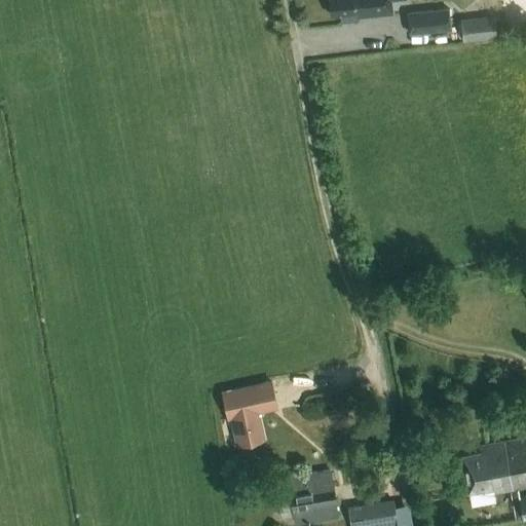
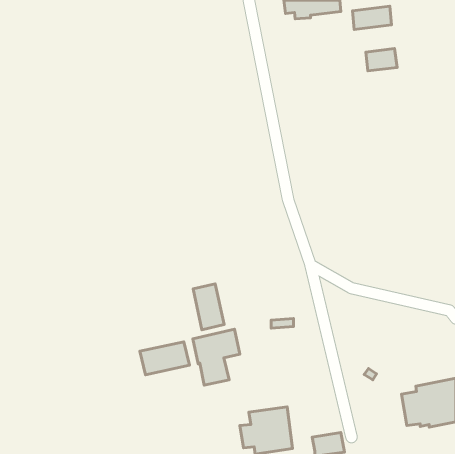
building: [461,16,497,42] -> [366,49,397,71]
building: none -> [193,284,224,330]
building: none -> [140,342,190,375]

